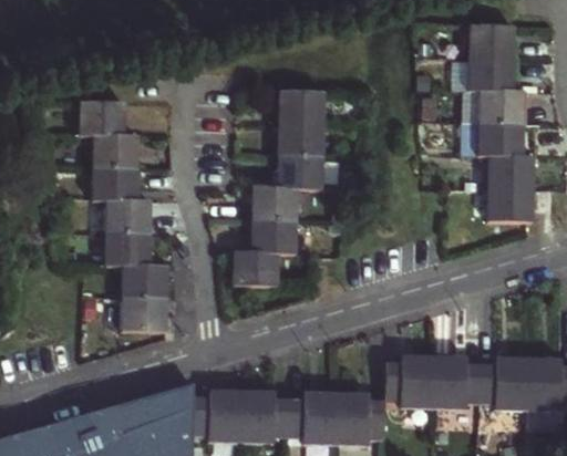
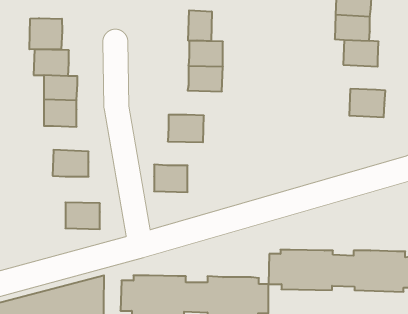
building: none -> [188,10,212,41]
building: none -> [29,18,62,49]
building: [476,120,523,152] -> none
building: [277,153,322,185] -> none
building: [485,185,530,219] -> none
building: [105,198,151,231] -> none
building: [251,218,298,250] -> none
building: [121,263,166,298] -> none

